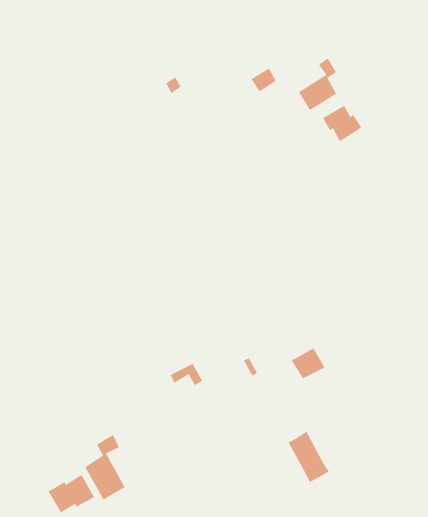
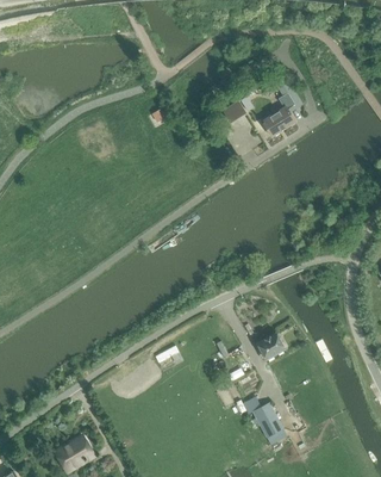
building: [322,105,362,142] -> none
building: [85,434,126,500] -> none

